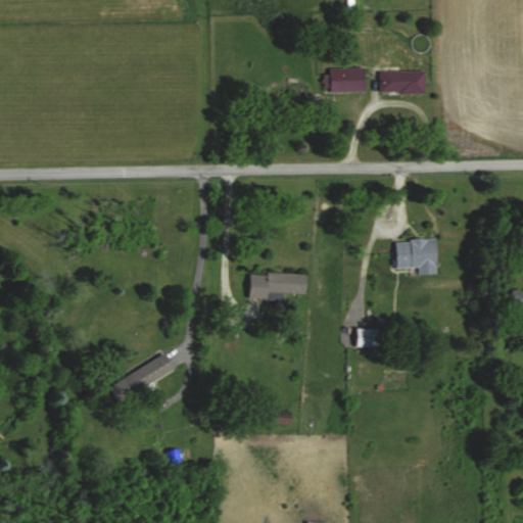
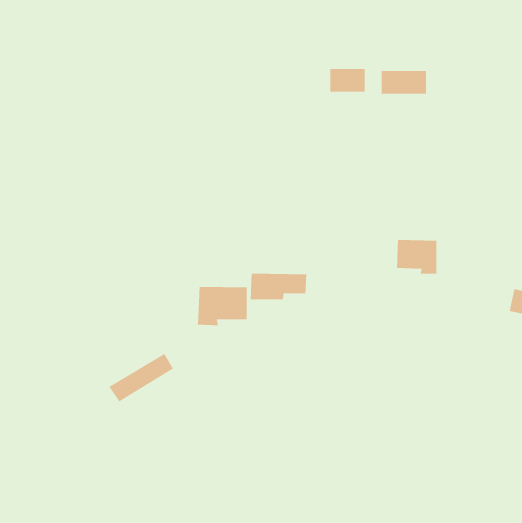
building: none -> [197,286,247,326]
building: [356,329,380,347] -> none

